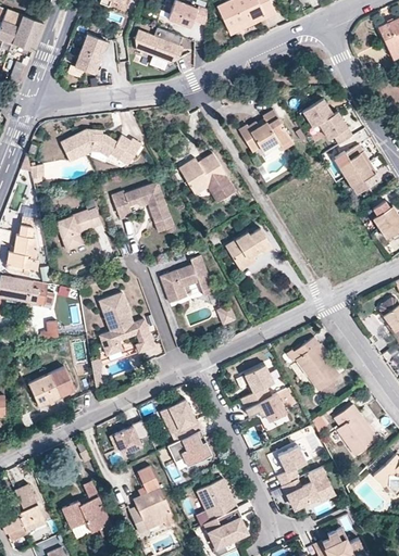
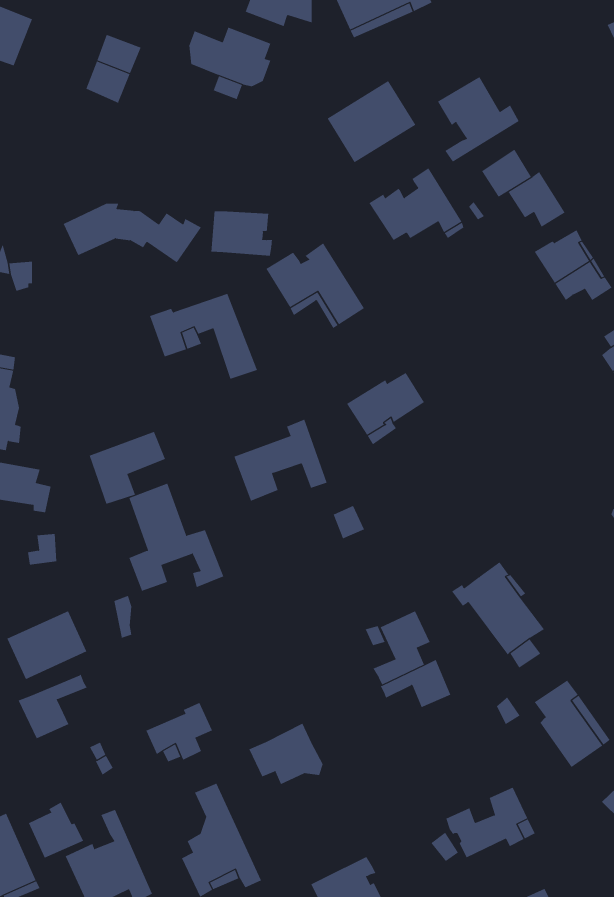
building: none -> [437,76,520,163]
building: none -> [327,80,416,163]
building: none -> [211,210,272,257]
building: [57,207,101,250] -> [89,431,166,504]
building: [160,401,200,442] -> none
building: none -> [18,673,88,739]
building: [277,446,307,486] -> none
building: none -> [28,802,84,859]
building: [197,479,237,521] -> none

